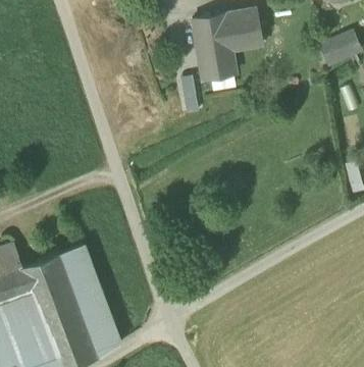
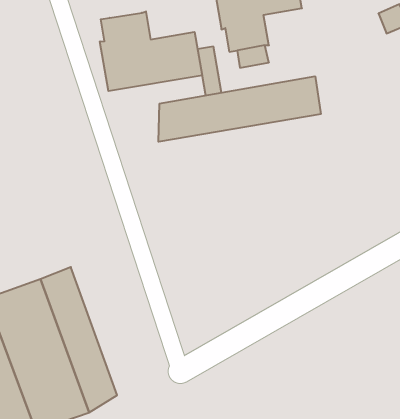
building: none -> [100,11,202,91]
building: none -> [158,76,321,142]

